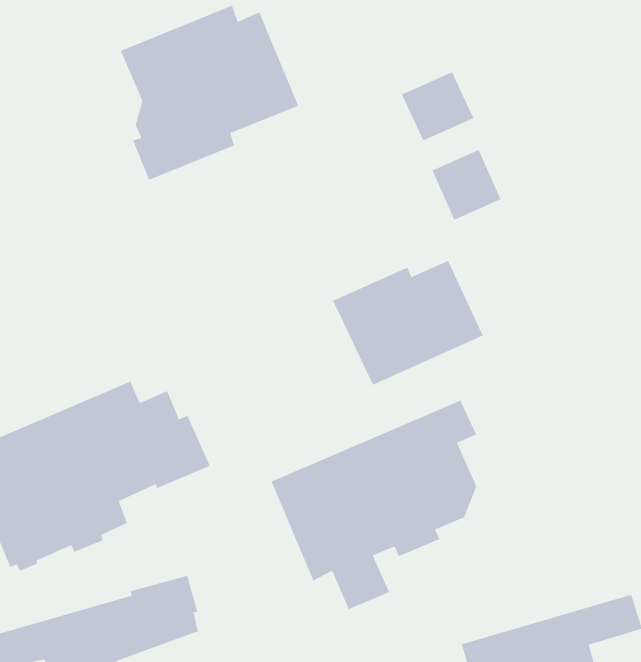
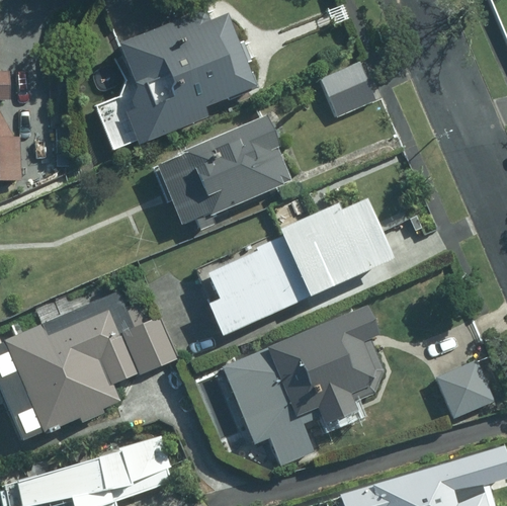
building: none -> [154,118,291,231]
building: [432,149,501,221] -> none
building: none -> [203,242,301,335]
building: none -> [437,362,493,418]

